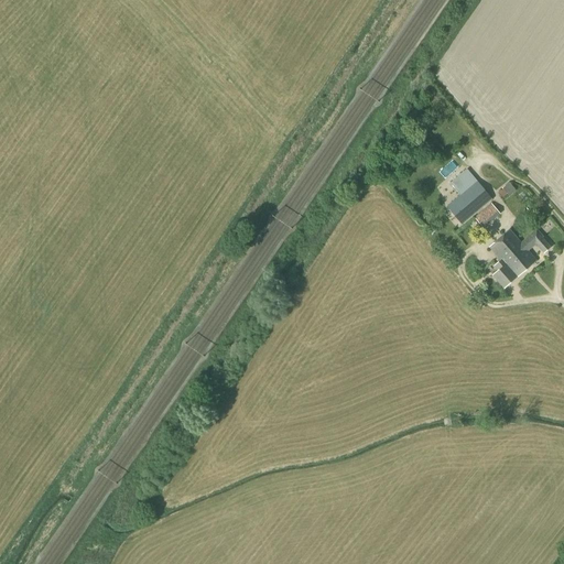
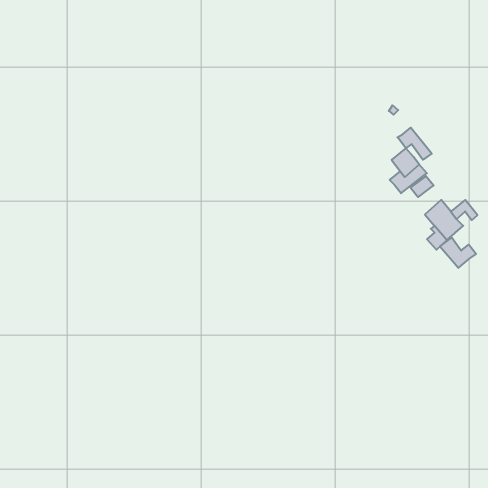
building: none -> [397,128,432,160]
building: none -> [440,237,476,268]

